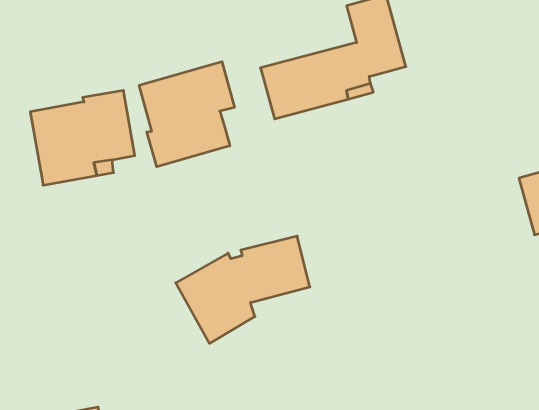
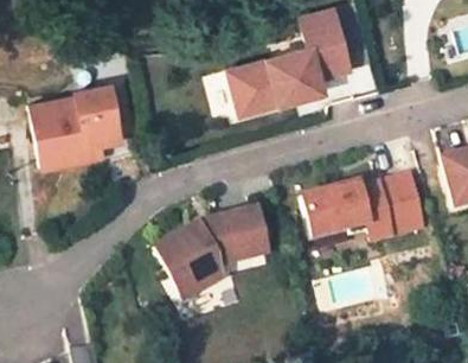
building: [139,62,234,167] -> none
building: none -> [303,173,427,238]

